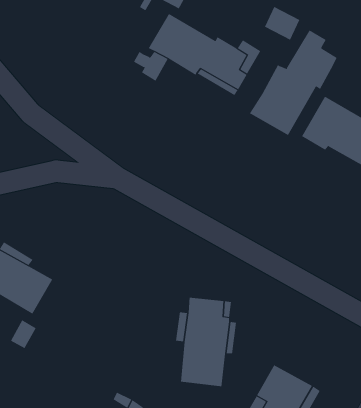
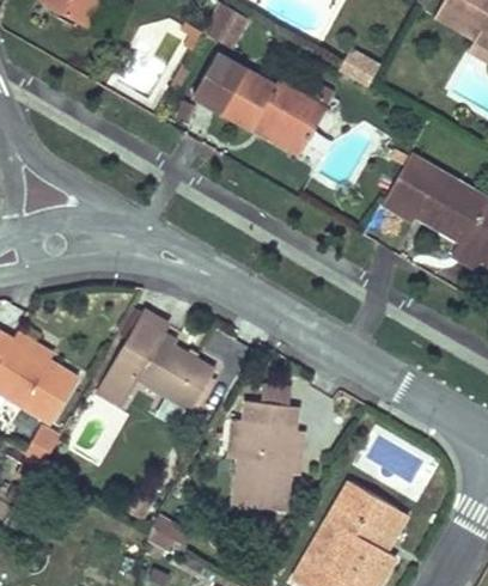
building: [249,29,338,136] -> none
building: none -> [100,319,214,409]

